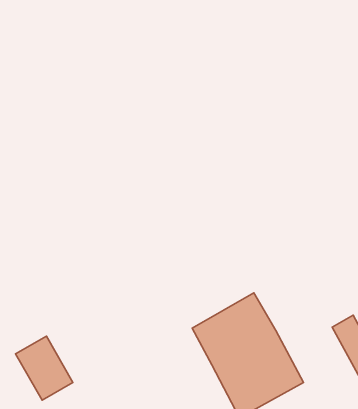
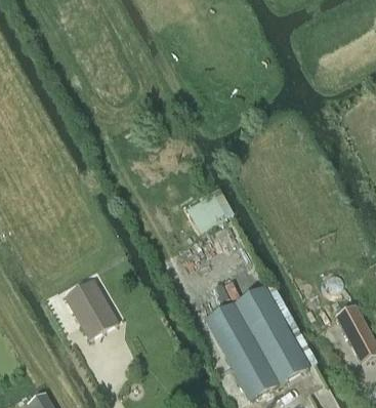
building: [16,336,73,400] -> [65,278,118,337]

